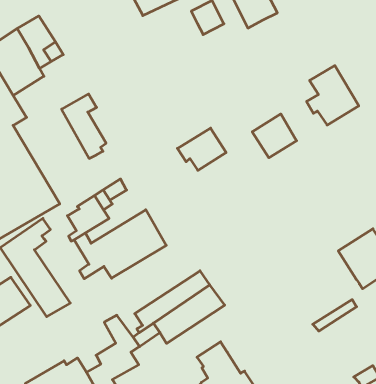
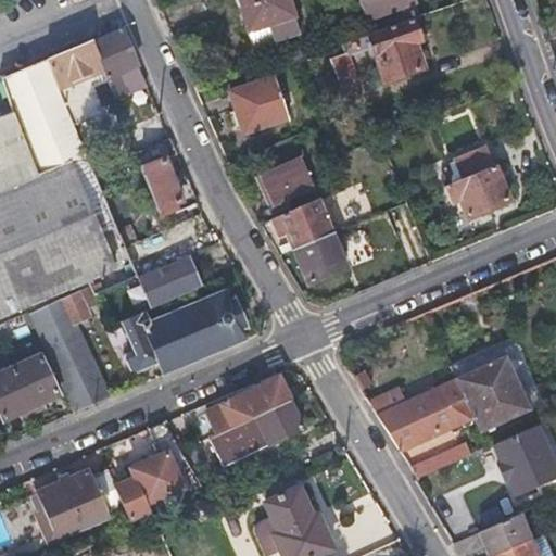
building: none -> [231,76,290,132]
building: none -> [262,155,315,212]
building: [252,114,297,158] -> [295,233,350,287]
building: none -> [378,378,476,451]

